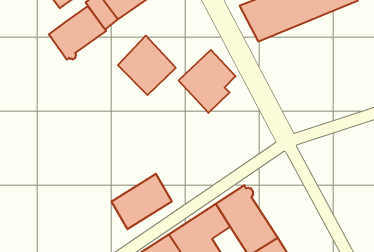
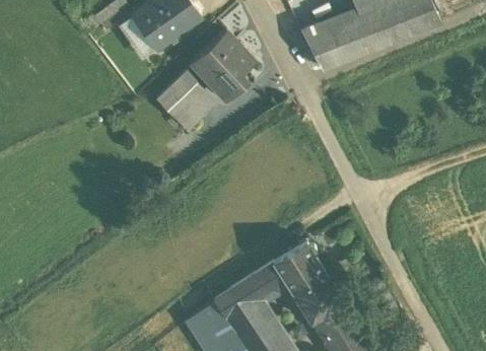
building: [49,6,106,60] -> none
building: [179,50,236,113] -> [189,25,257,100]
building: [111,174,172,229] -> none

